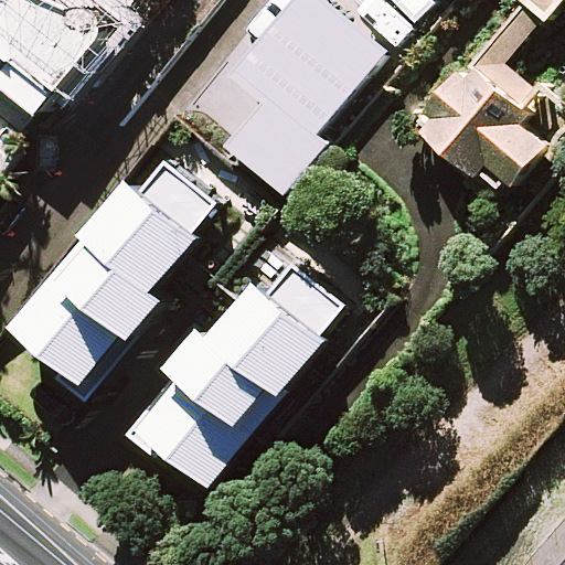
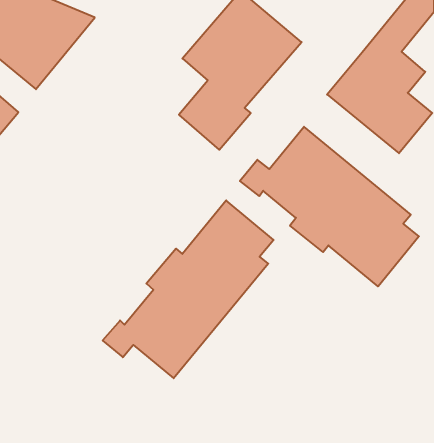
building: [21,159,213,395] -> none
building: none -> [240,127,419,286]

